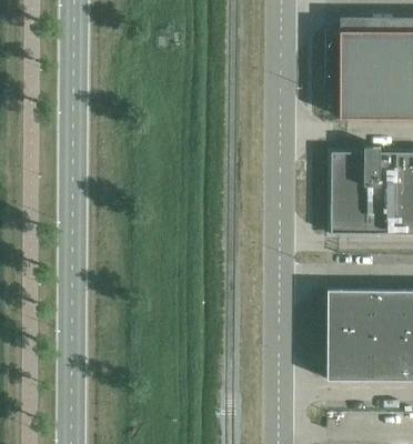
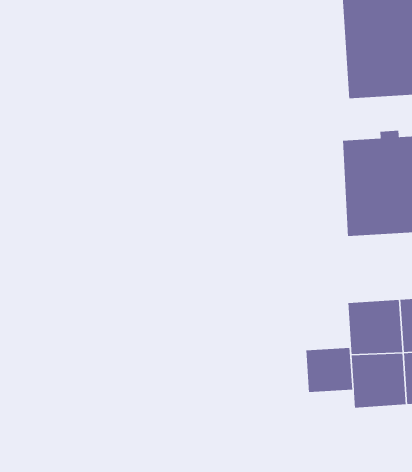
building: none -> [305,347,353,393]

